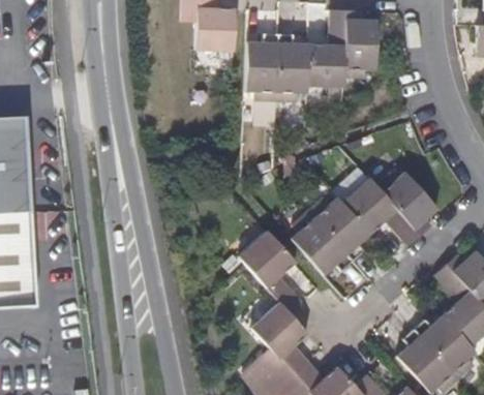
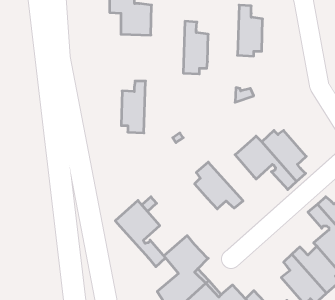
building: [307,10,347,85] -> none
building: [247,31,278,97] -> [121,81,146,133]
building: [308,196,366,261] -> none
building: [239,232,303,316] -> [115,200,165,267]

